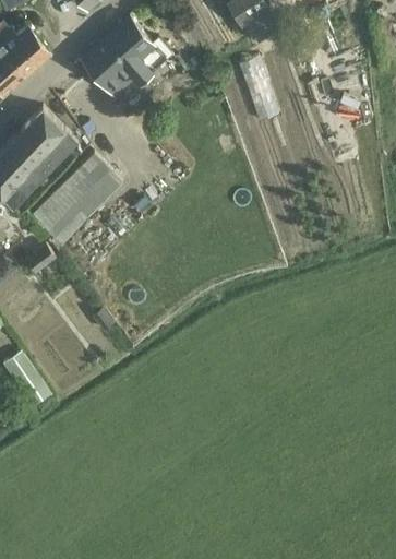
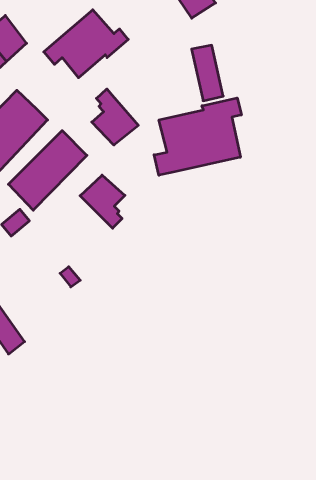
building: none -> [92,89,138,145]
building: none -> [154,98,241,175]
building: none -> [80,175,125,228]

